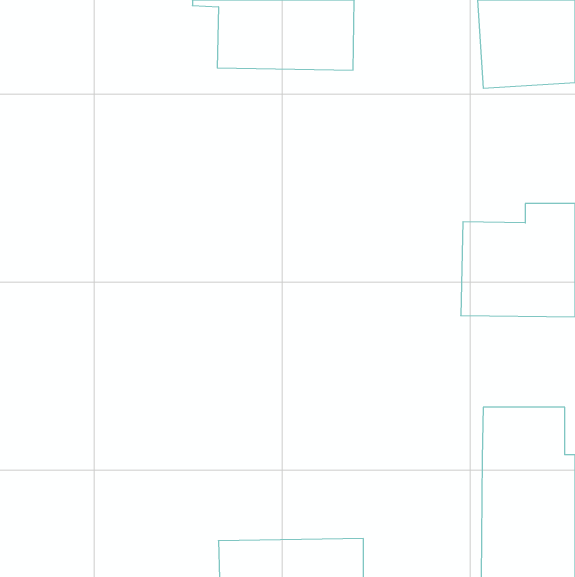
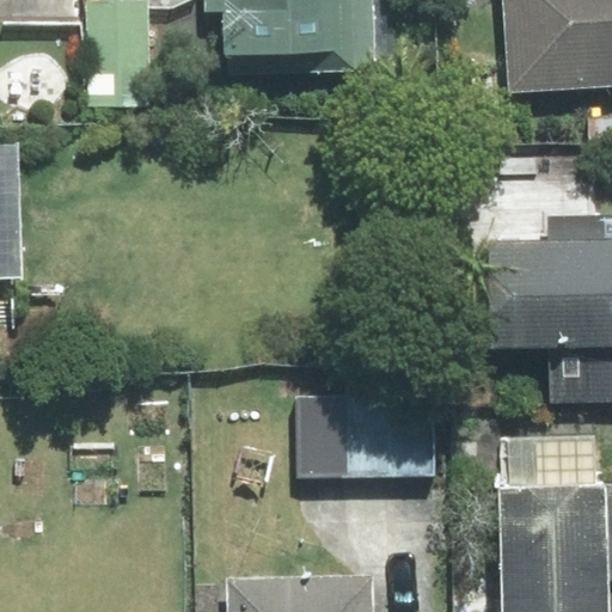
building: none -> [290,384,440,479]

